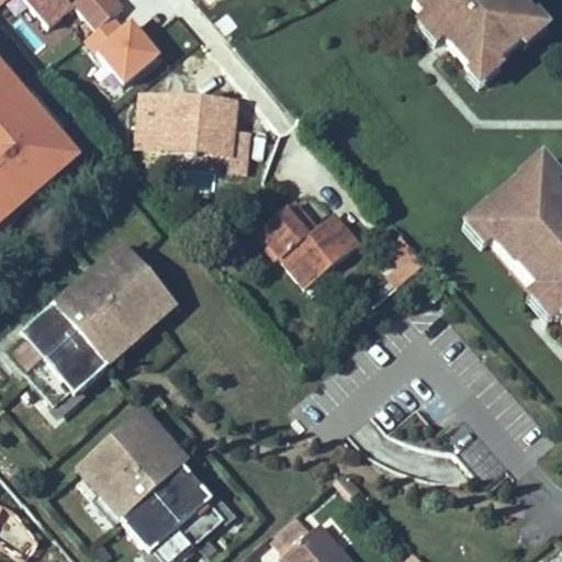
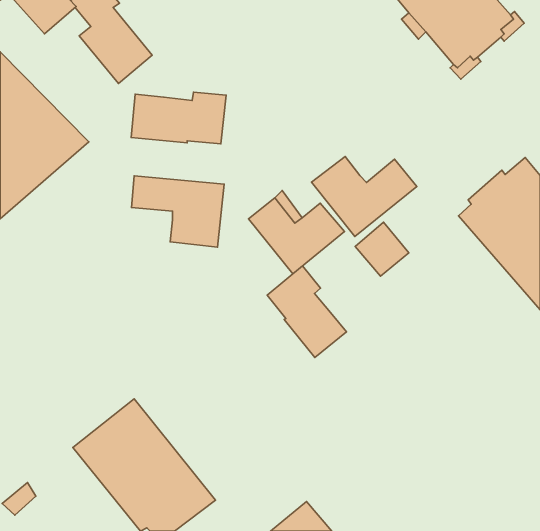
building: none -> [311,156,417,237]
building: none -> [131,176,224,247]
building: [5,239,176,406] -> none
building: none -> [267,266,347,358]

